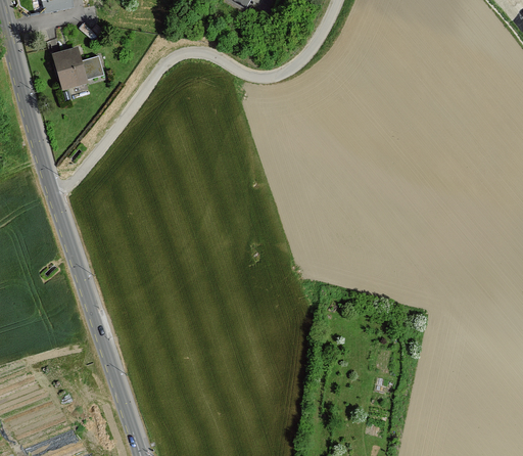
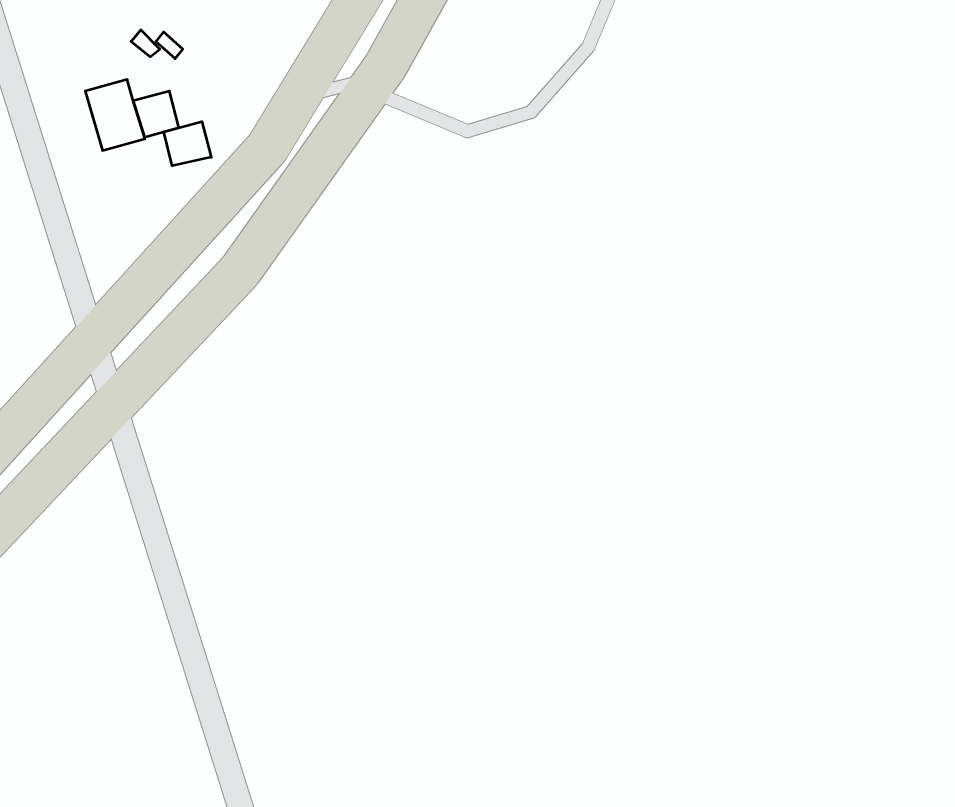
building: none -> [164,122,211,166]

